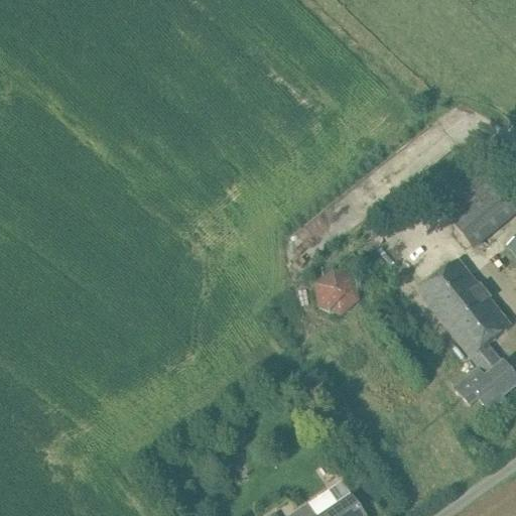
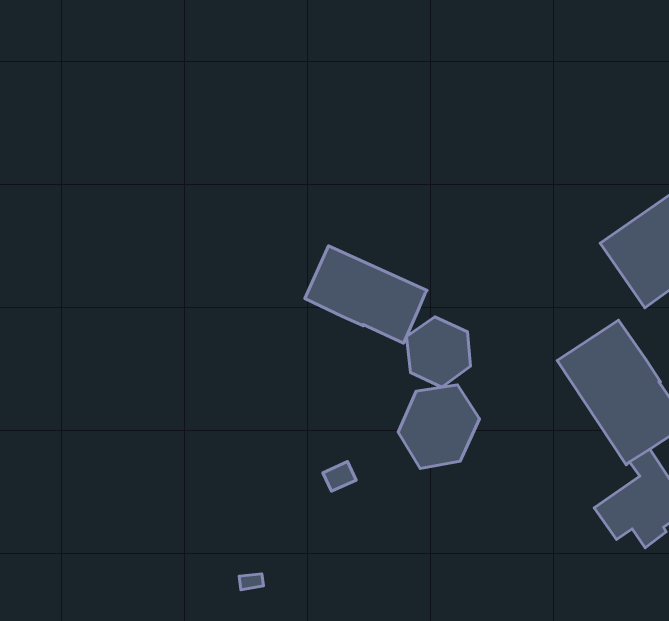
building: none -> [305,246,427,343]
building: none -> [398,385,479,469]

